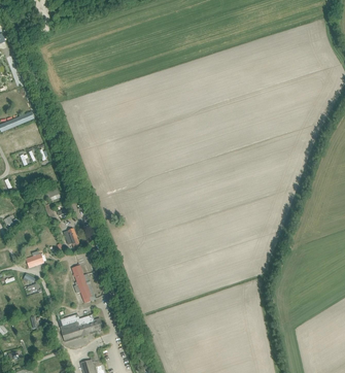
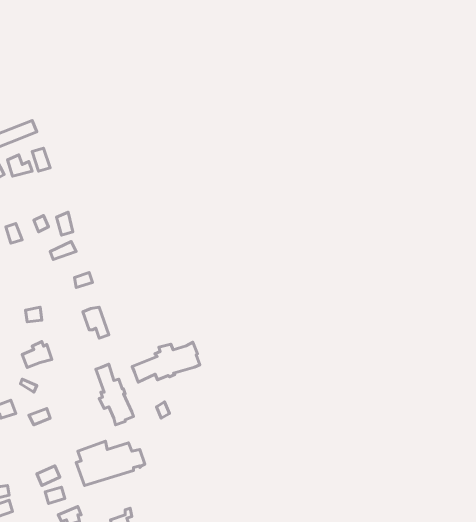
building: none -> [132,342,200,382]

